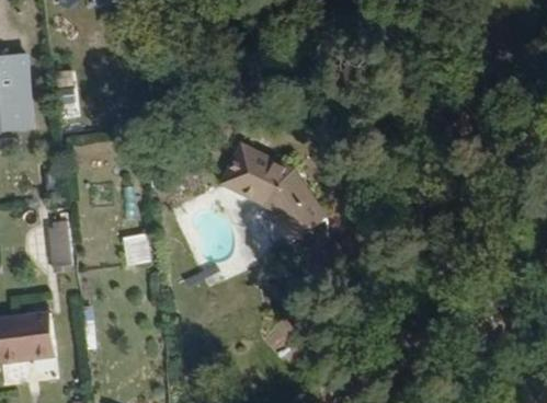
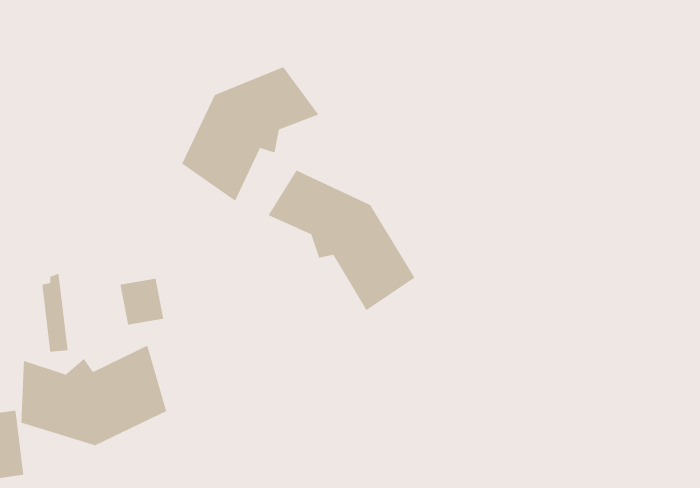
building: none -> [181,66,320,202]
building: none -> [20,345,167,446]

